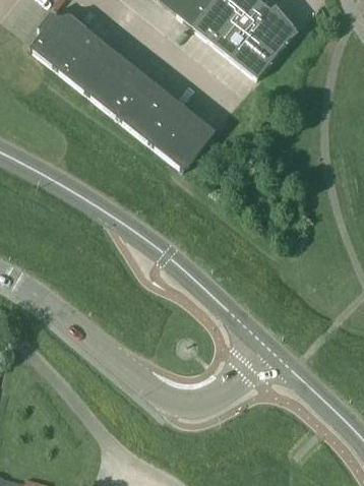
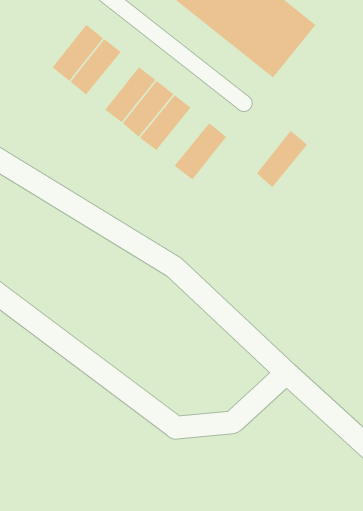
building: [29,10,87,67] -> none
building: [87,53,135,106] -> none
building: [151,104,199,157] -> [256,130,308,188]

